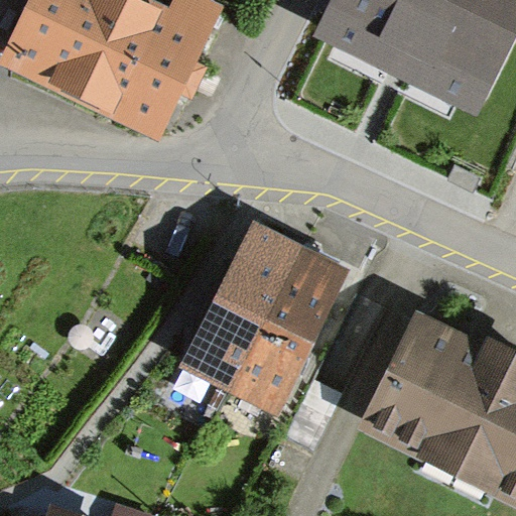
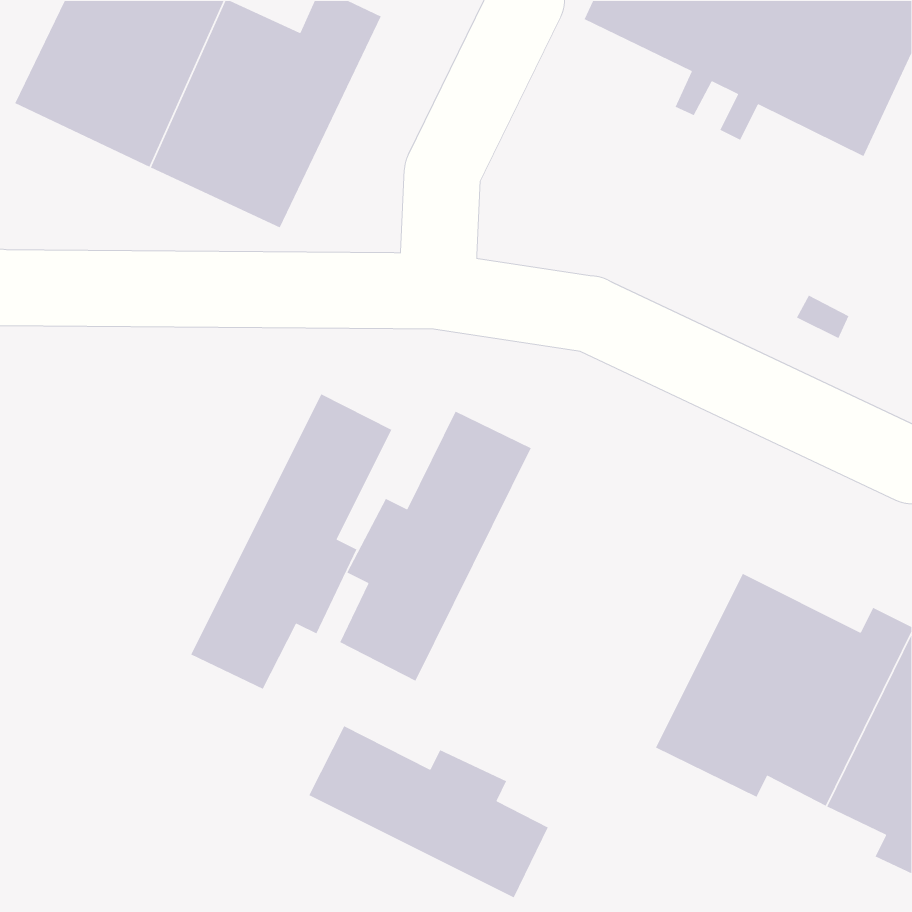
building: none -> [190,393,393,690]
building: [235,253,343,406] -> none
building: none -> [308,725,549,899]

